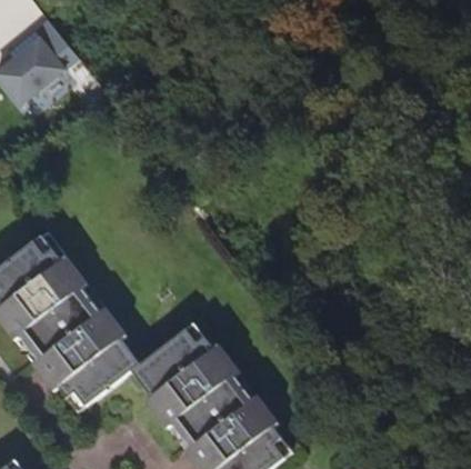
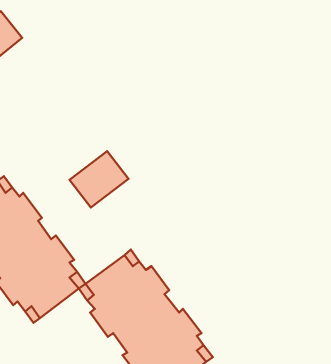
building: none -> [70,151,128,207]

